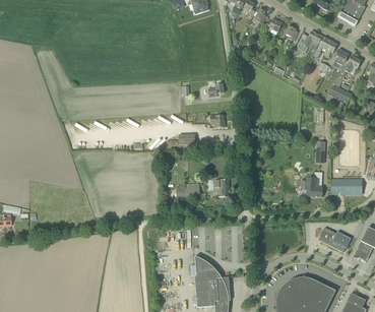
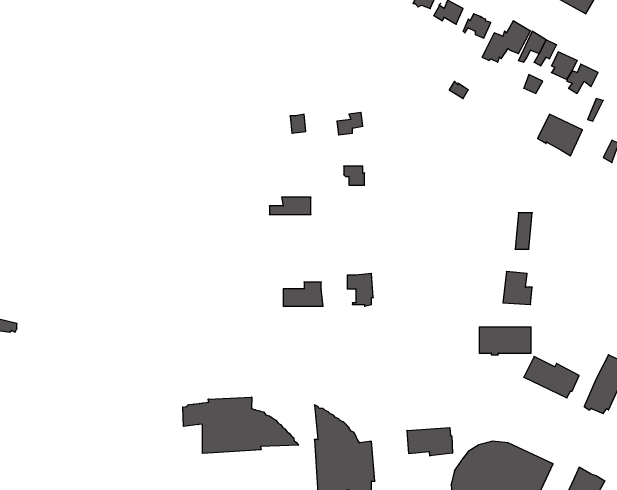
building: [331,179,362,195] -> [479,327,531,355]
building: none -> [183,397,298,453]
building: none -> [407,428,452,456]

